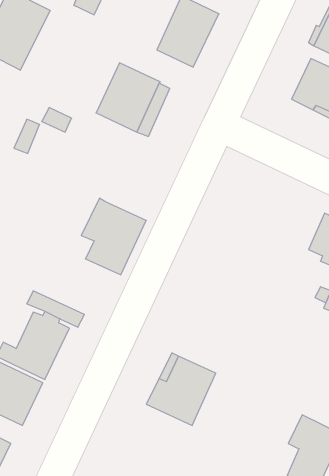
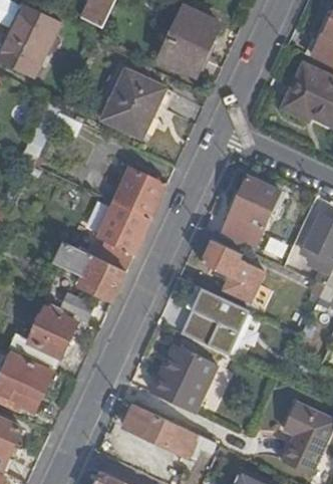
building: none -> [110,168,165,220]
building: none -> [218,176,279,251]
building: none -> [201,241,262,302]
building: none -> [56,243,125,300]
building: none -> [182,288,249,353]
building: none -> [122,405,216,456]

